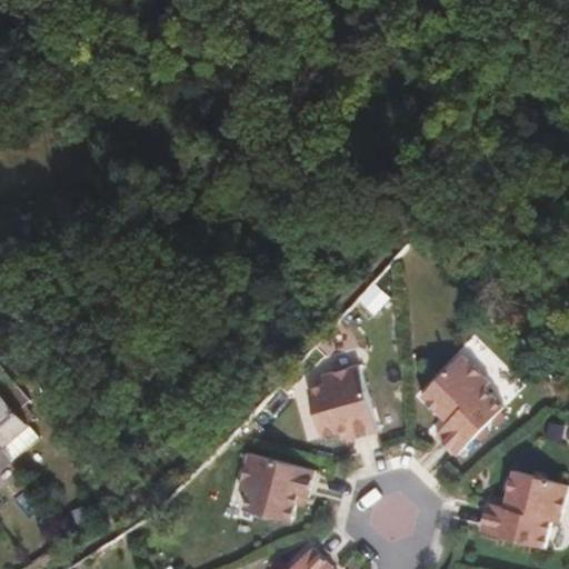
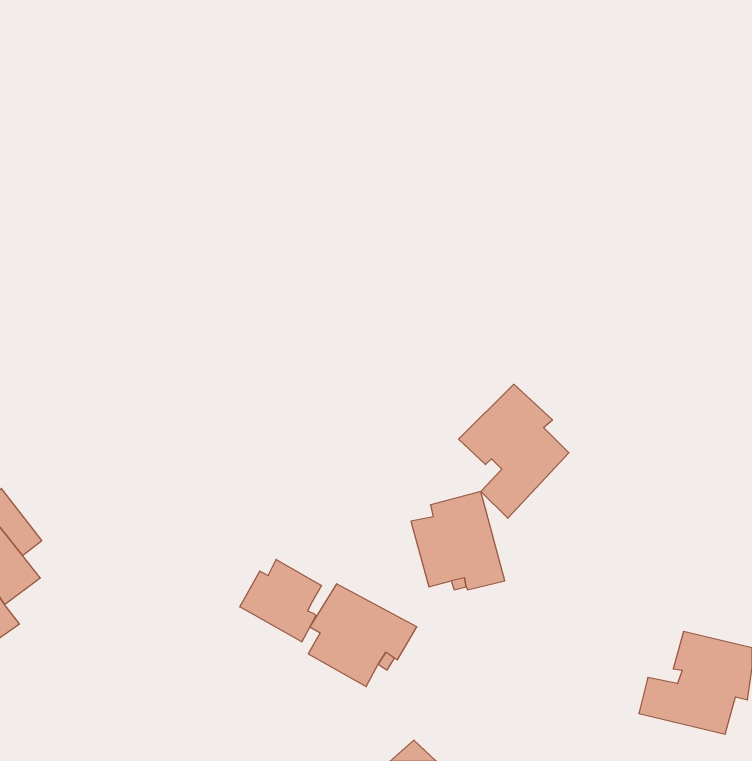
building: [418,358,500,458] -> [459,384,569,518]
building: none -> [240,559,321,642]

